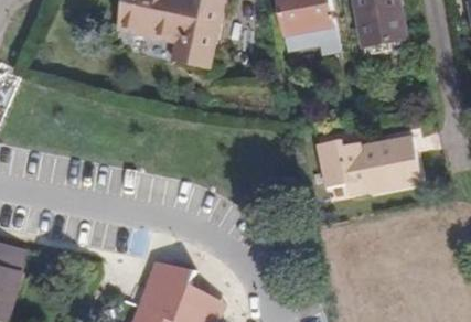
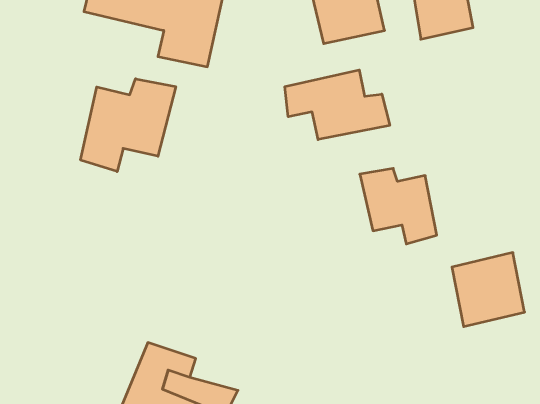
building: none -> [285,70,390,140]
building: none -> [81,79,176,172]
building: [368,136,424,192] -> [452,253,525,327]

